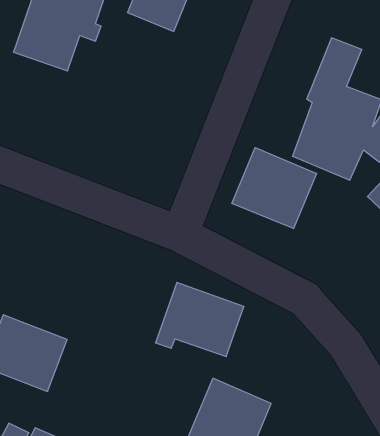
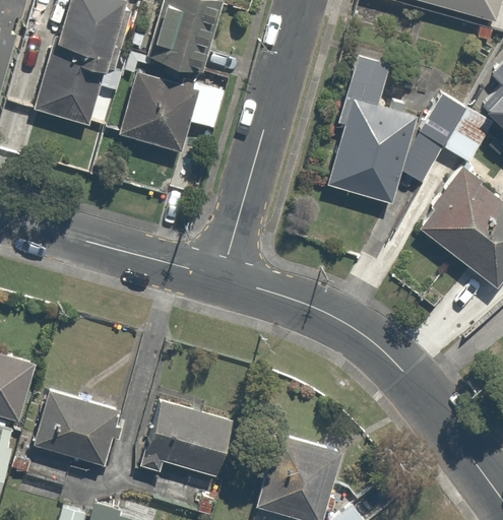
building: none -> [116,73,230,155]
building: [232,148,317,229] -> none
building: [155,282,244,357] -> [142,399,232,472]

